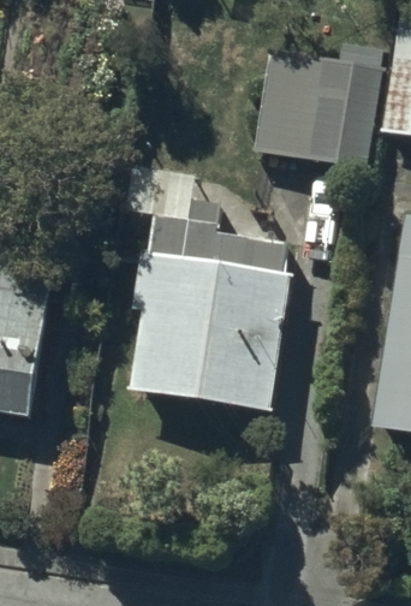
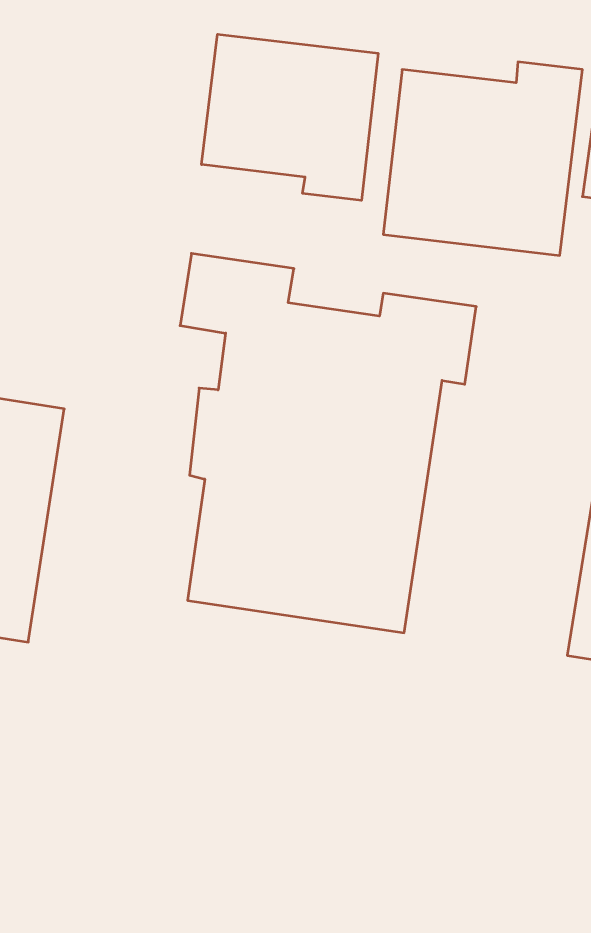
building: none -> [202,34,378,200]

